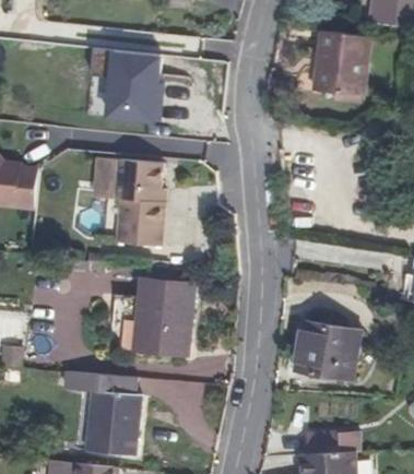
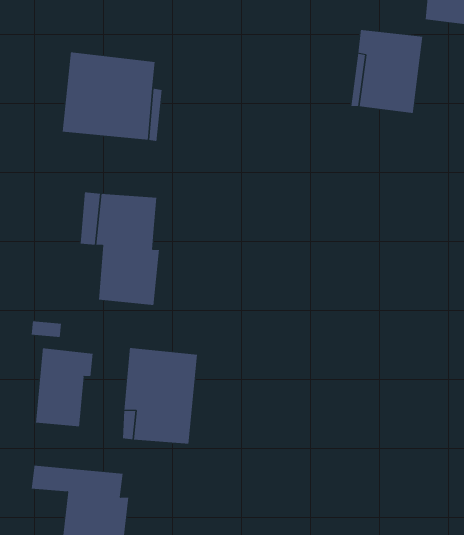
building: none -> [35,348,93,427]
building: [295,320,362,380] -> none

